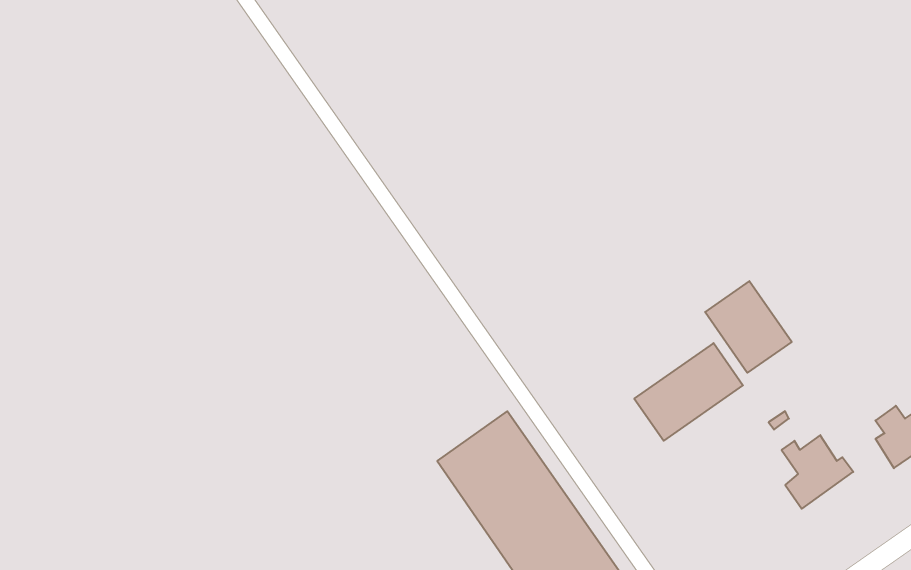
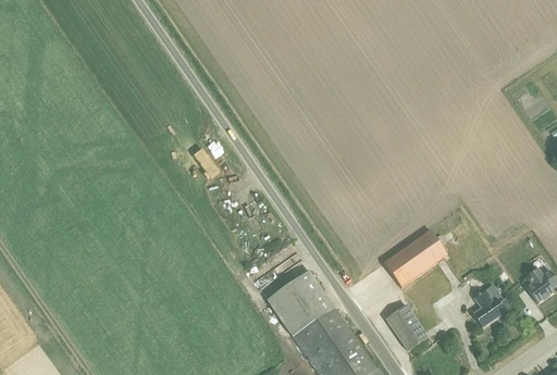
building: [705,281,792,373] -> none
building: none -> [385,304,429,350]

